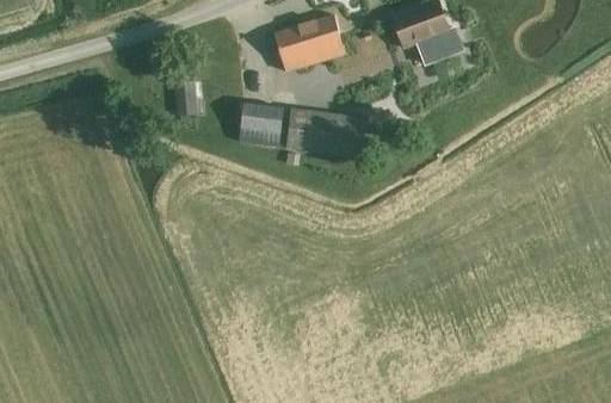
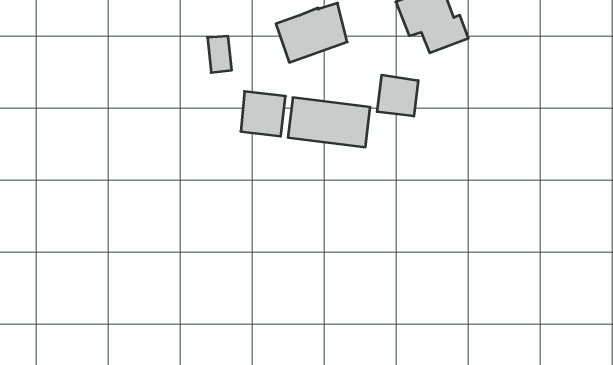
building: [173,80,197,116] -> [207,36,232,73]
building: none -> [377,75,418,116]

